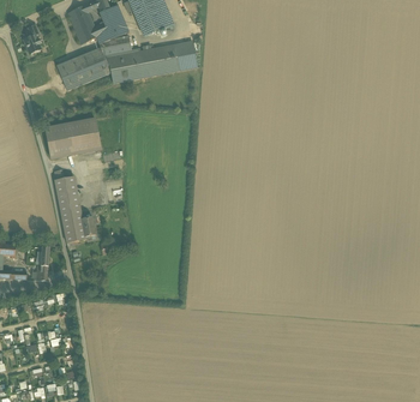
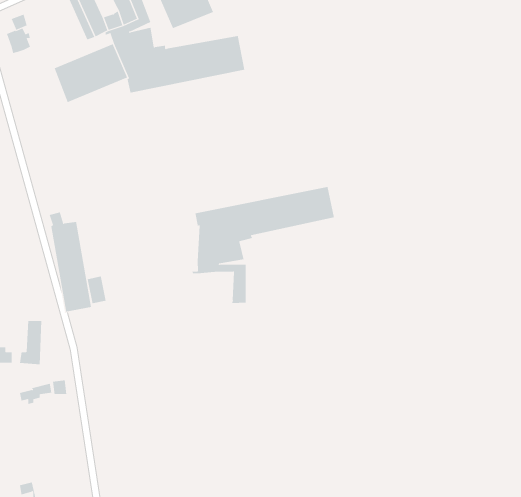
building: [42,118,101,162] -> none
building: none -> [191,186,335,304]

